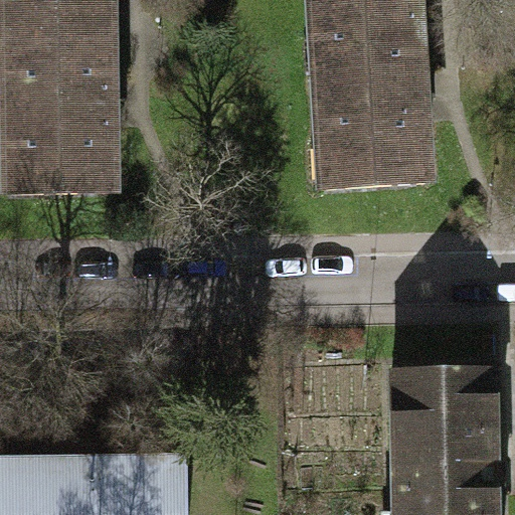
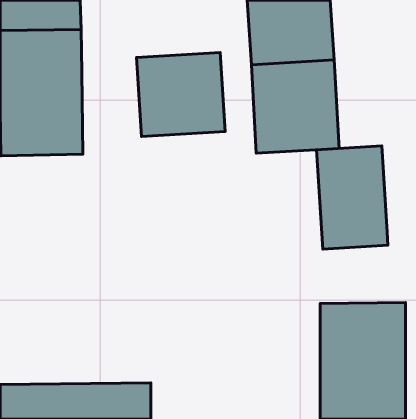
building: none -> [137,53,225,137]
building: none -> [317,146,388,249]

